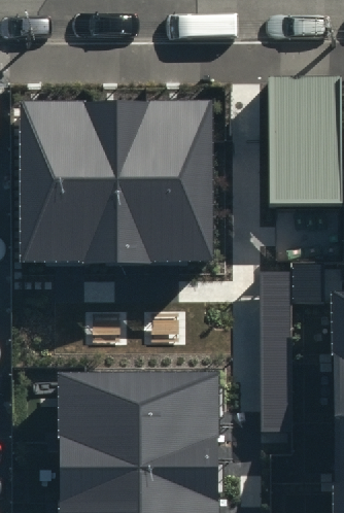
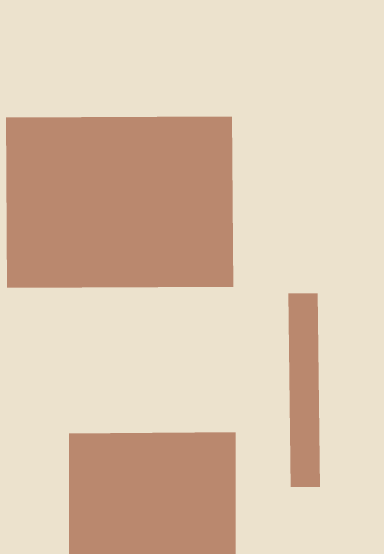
building: [268,82,339,207] -> none

